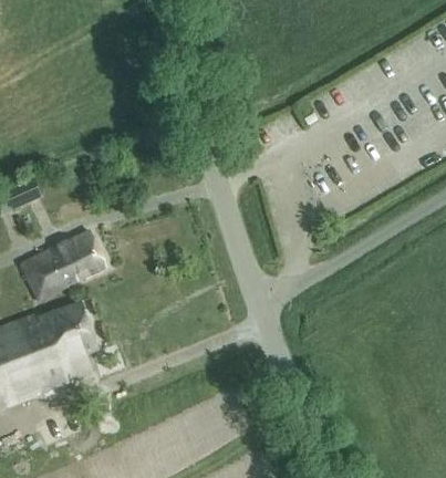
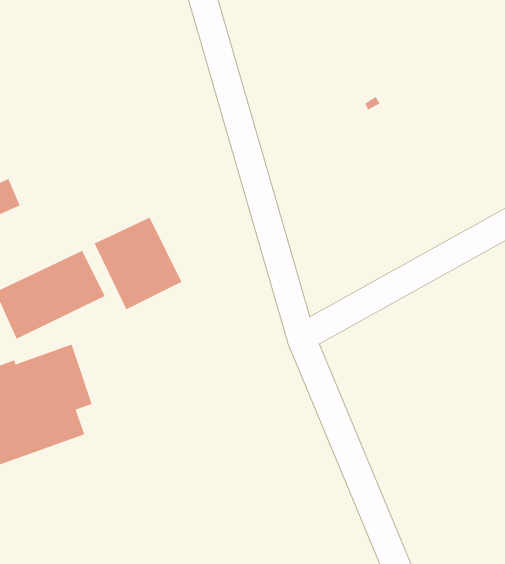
building: none -> [94,217,182,310]

